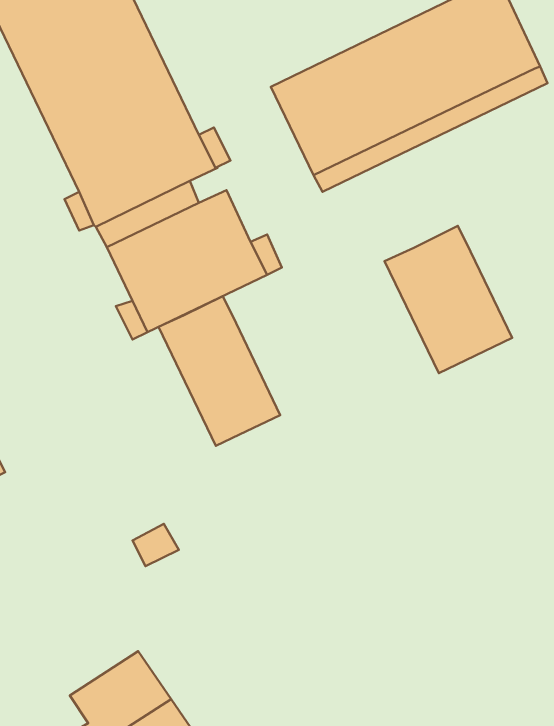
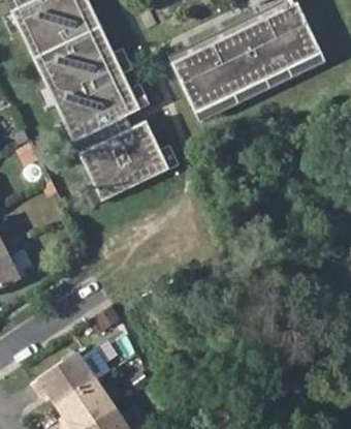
building: [385,226,512,373] -> none
building: [159,296,280,446] -> none
building: none -> [33,349,97,403]

